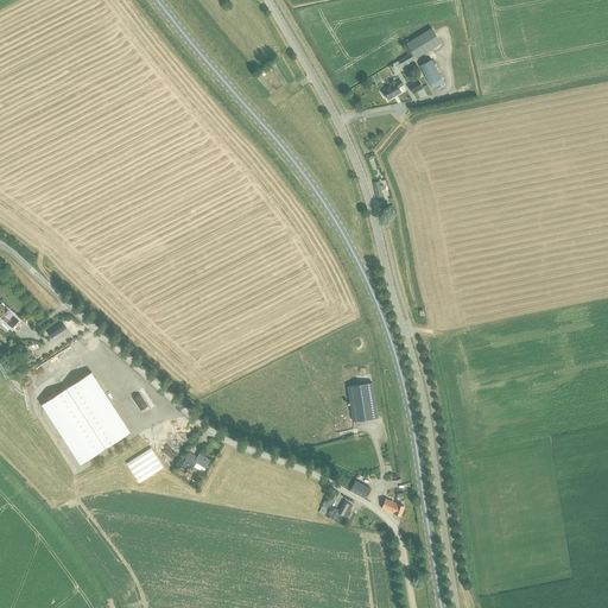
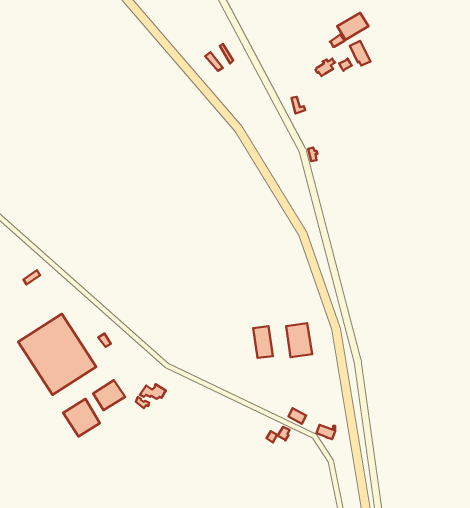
building: none -> [253,326,273,358]
building: none -> [63,399,100,436]

